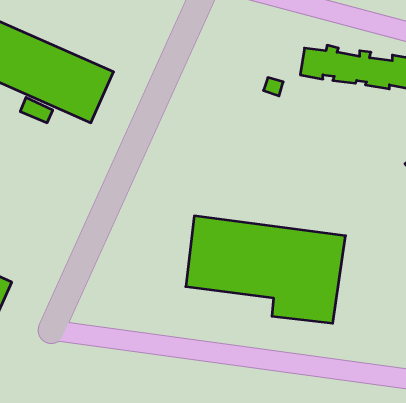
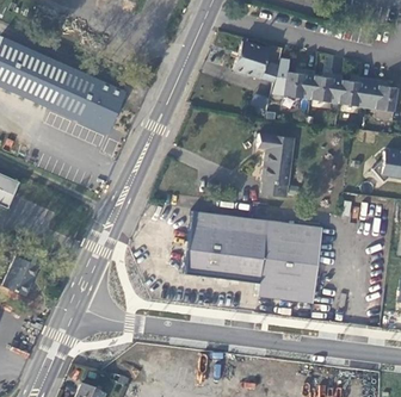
building: none -> [234,38,278,80]
building: none -> [259,130,296,196]

